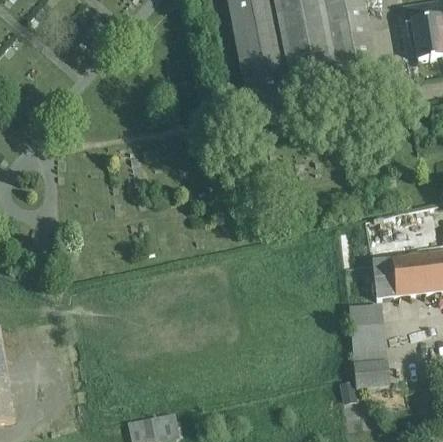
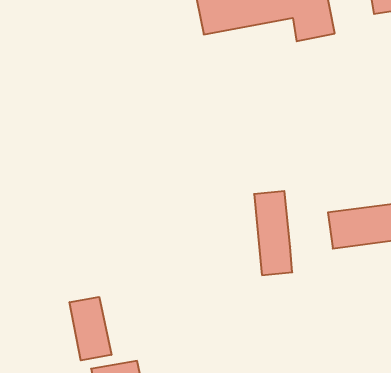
building: [348,301,387,387] -> [254,191,292,275]
building: none -> [70,297,111,360]

